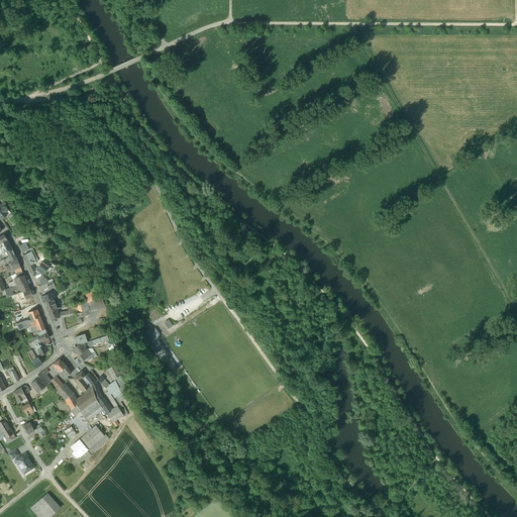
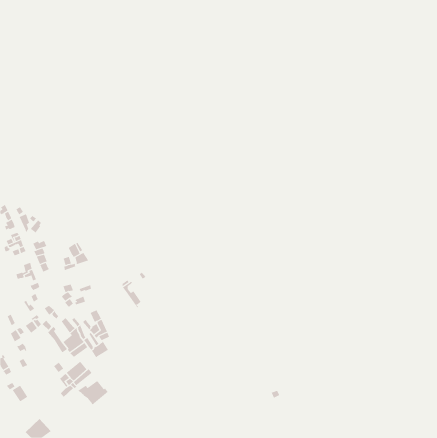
building: none -> [77,380,109,406]

